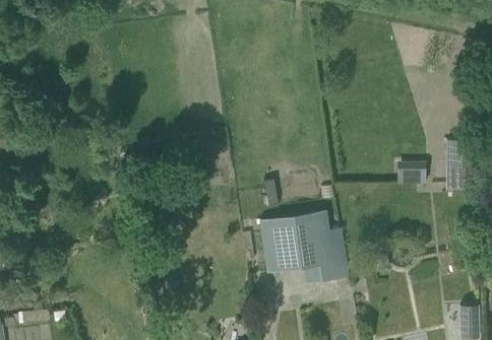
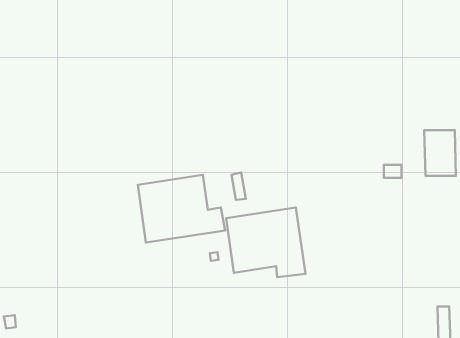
building: none -> [138,175,225,242]

